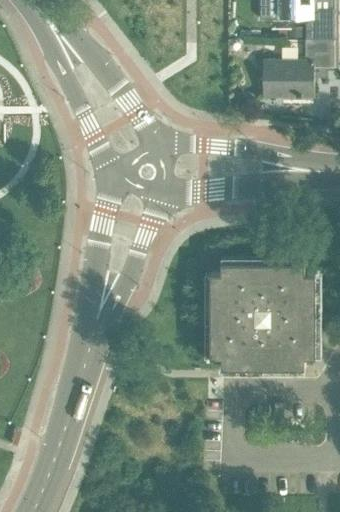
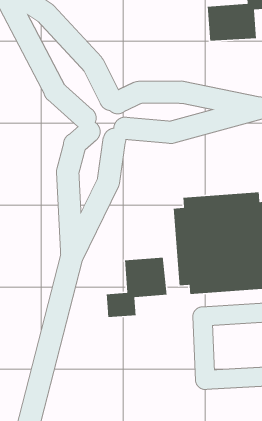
building: none -> [106,257,167,318]

